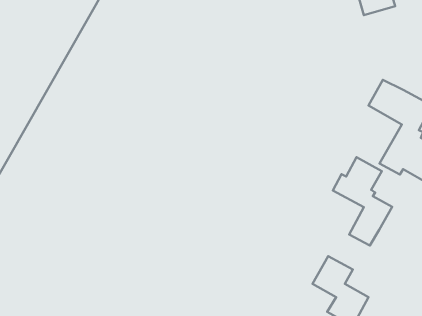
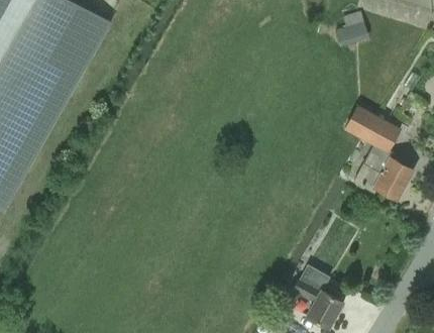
building: [333,157,392,245] -> none

